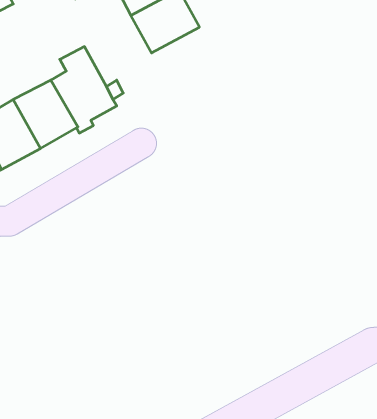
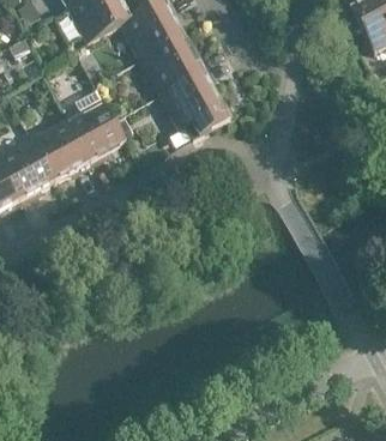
building: none -> [157,67,229,138]

